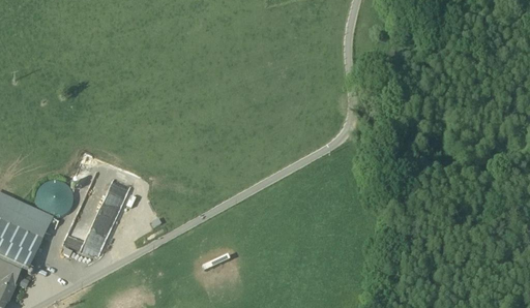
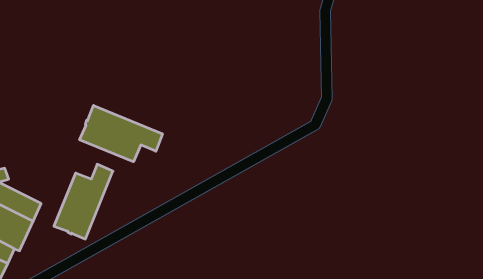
building: none -> [80,105,162,162]
building: [35,182,73,220] -> none

